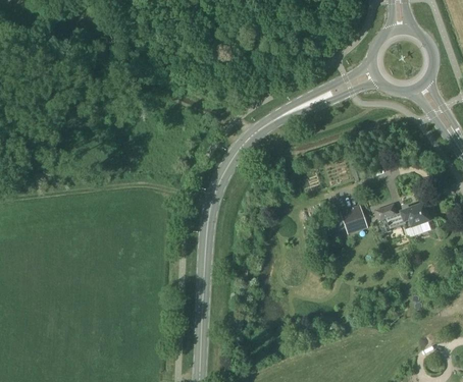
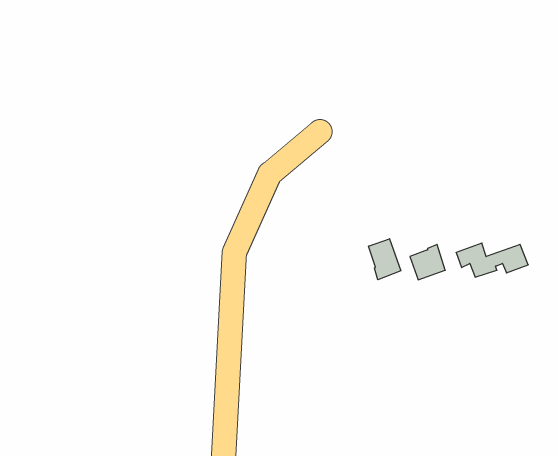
building: none -> [369,239,401,280]

